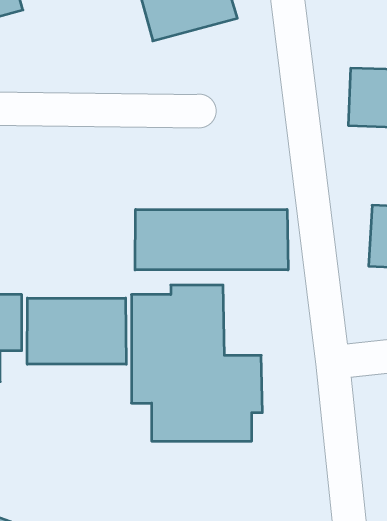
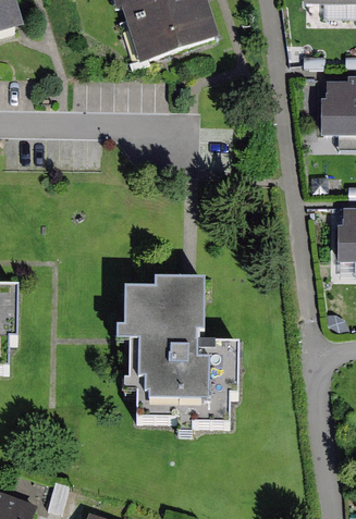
building: [135,209,288,270] -> none
building: [27,298,126,364] -> none

